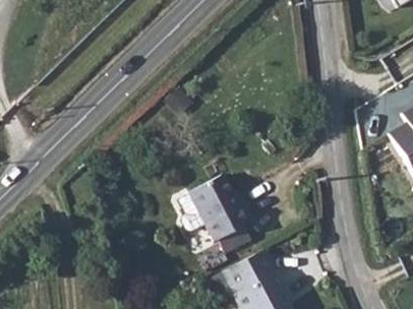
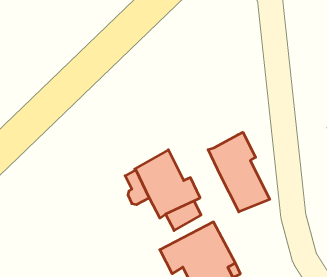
building: none -> [208,132,270,212]

